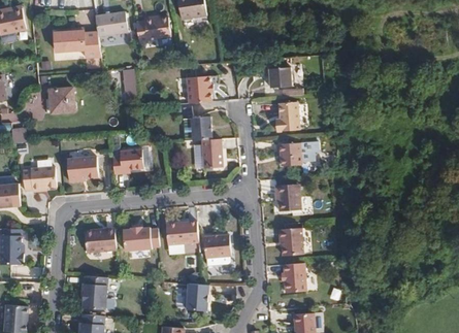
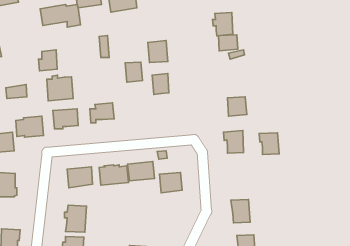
building: none -> [213,12,233,36]
building: [280,103,301,130] -> none
building: none -> [47,75,73,101]
building: [200,143,222,168] -> [125,62,143,82]
building: [281,230,305,257] -> [259,133,279,155]
building: [183,284,208,310] -> none

